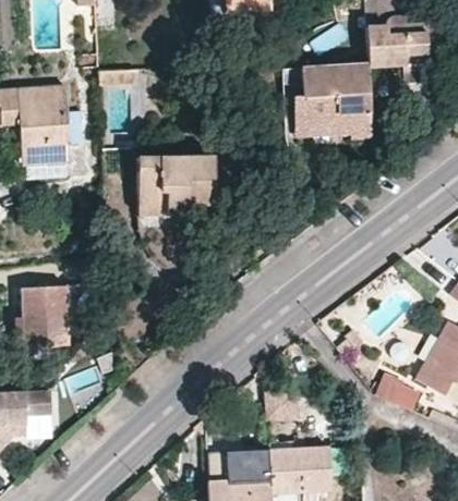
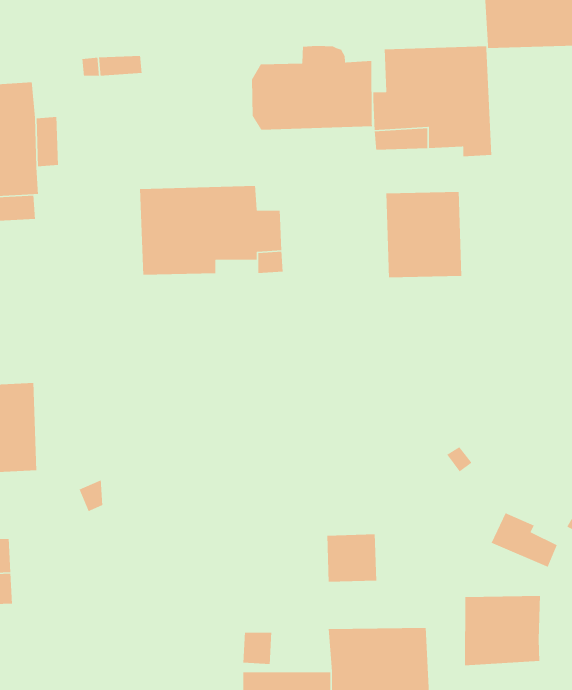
building: none -> [251,45,373,130]
building: none -> [386,191,462,278]
building: none -> [464,595,541,666]

